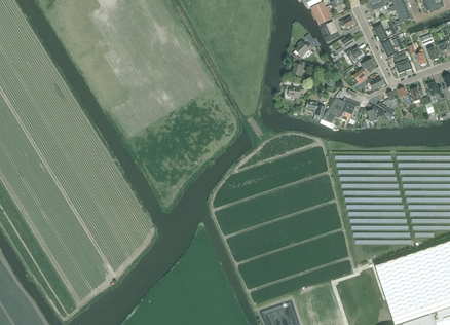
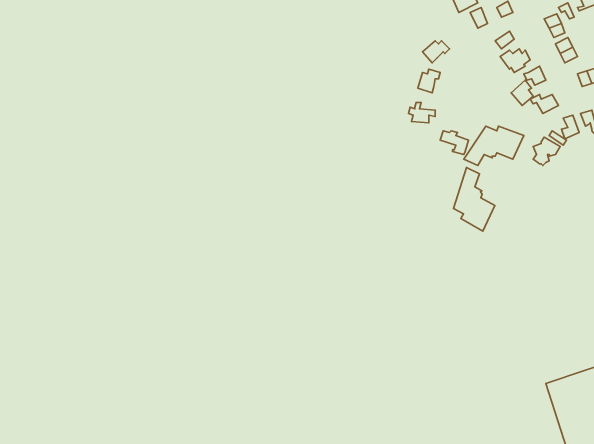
building: none -> [454,168,495,231]

